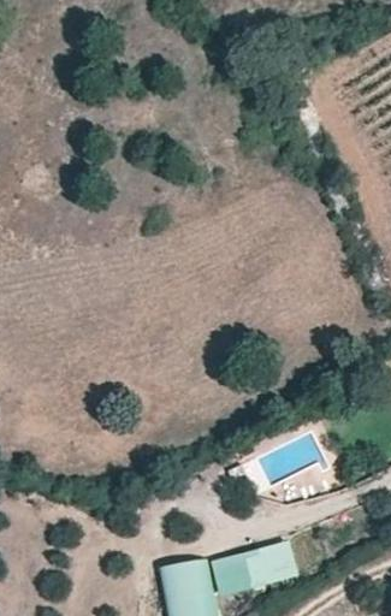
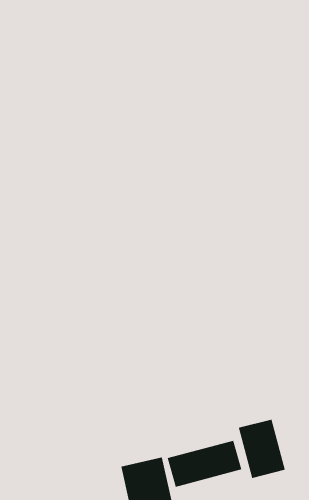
building: none -> [238,419,286,479]

